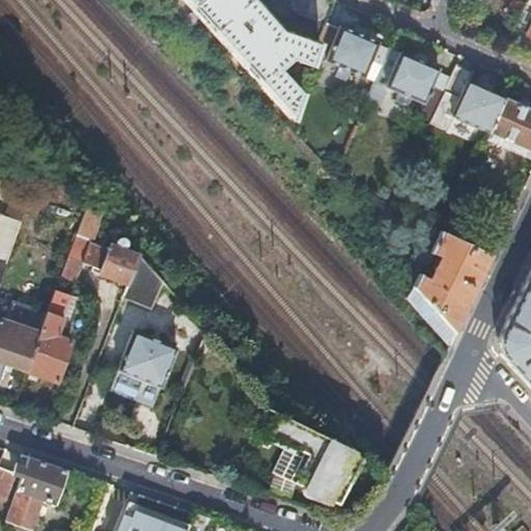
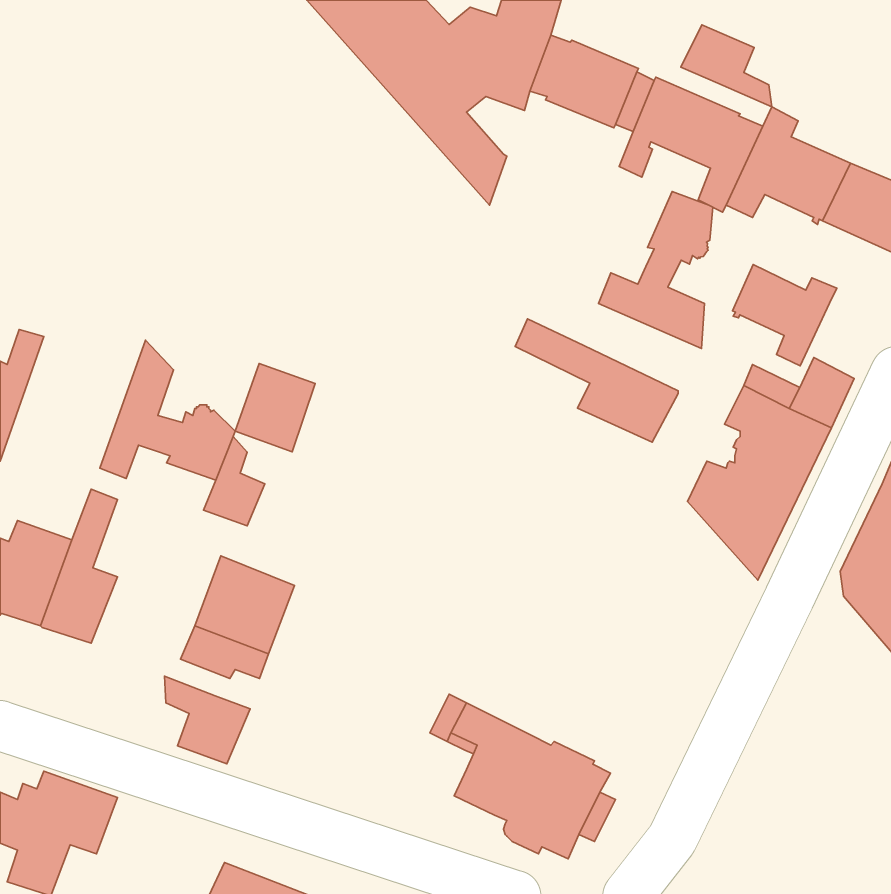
building: none -> [681,25,772,107]
building: none -> [598,192,713,349]
building: none -> [732,264,837,366]
building: none -> [515,319,678,442]
building: none -> [235,364,315,452]
building: none -> [165,676,250,764]

